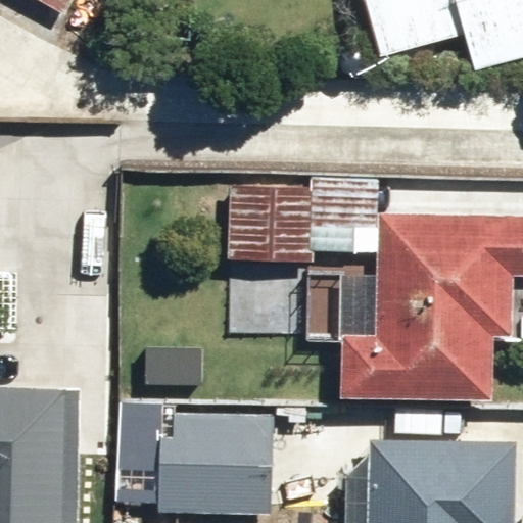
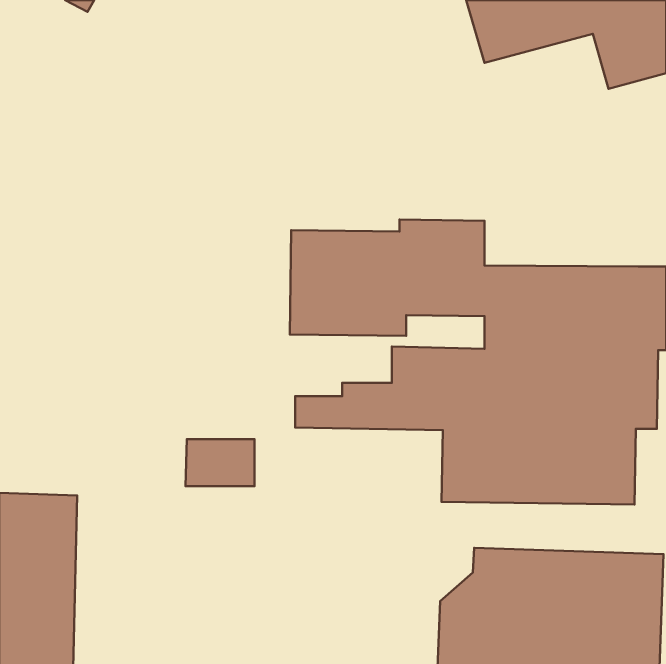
building: [161,410,274,516] -> none

